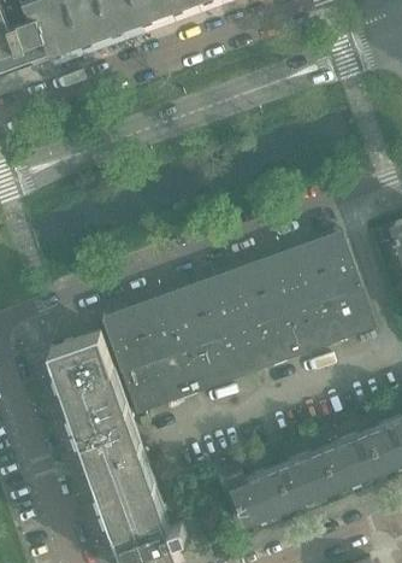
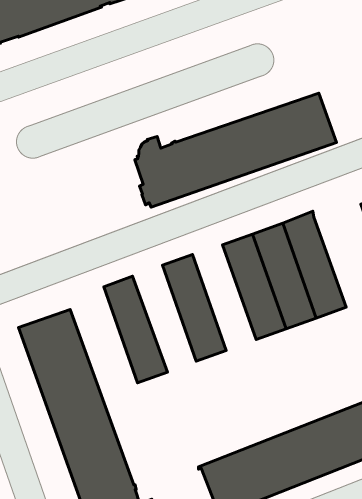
building: none -> [135,93,336,207]
building: [221,264,285,370] -> none
building: [161,285,225,392] -> none
building: [101,306,166,414] -> none

